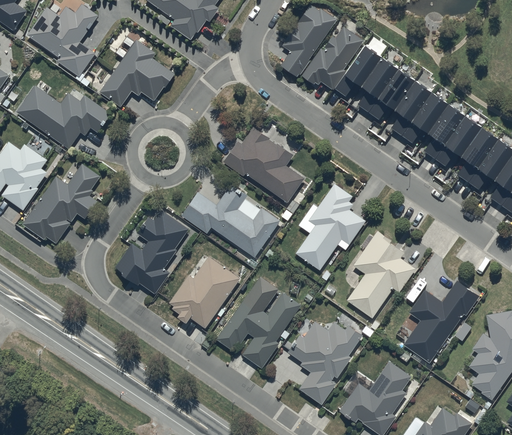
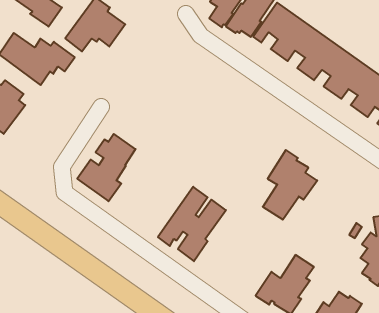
building: [223,127,306,220] -> none
building: [24,163,101,243] -> none
building: [294,182,365,270] -> none
building: [181,184,279,257] -> none
building: [169,256,240,328] -> none
building: [402,279,479,362] -> none
building: [287,321,362,404] -> none

